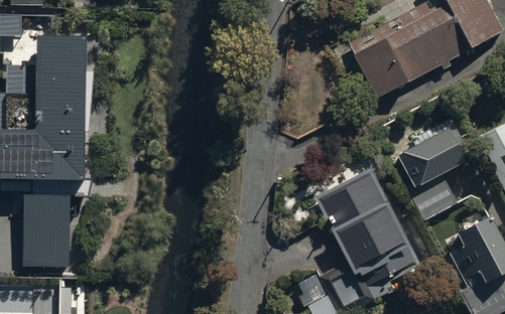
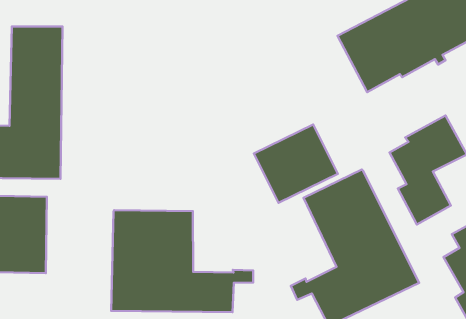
building: none -> [254,124,338,203]
building: none -> [111,210,253,312]

